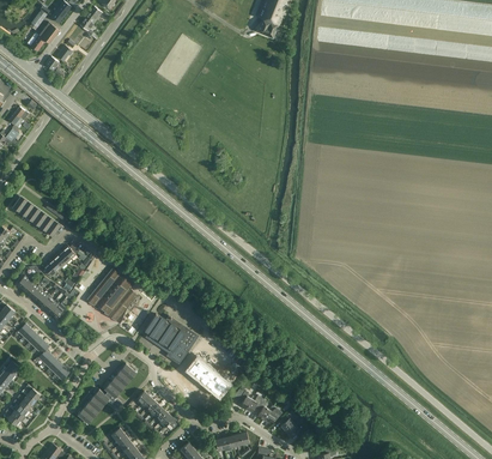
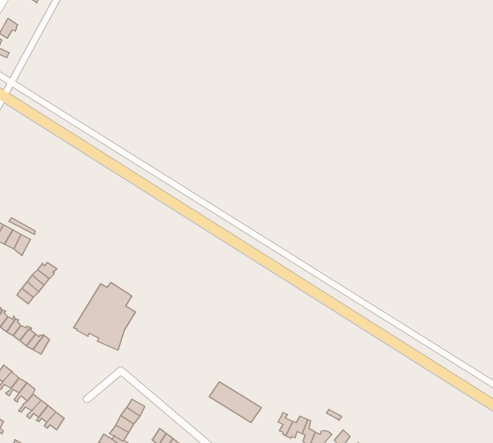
building: [144,313,196,363] -> none

